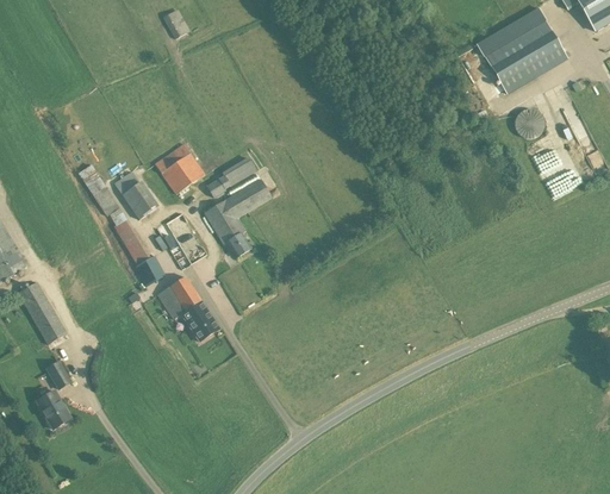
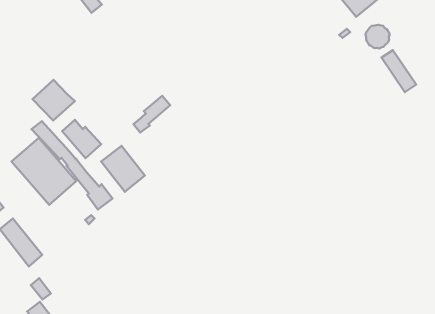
building: [152,142,205,193] -> [33,80,75,121]
building: [203,176,272,257] -> none
building: none -> [11,138,76,205]
building: [155,275,214,340] -> none

